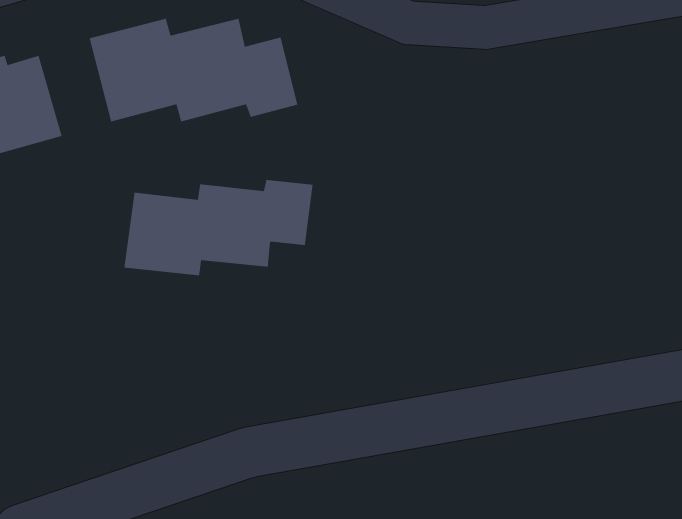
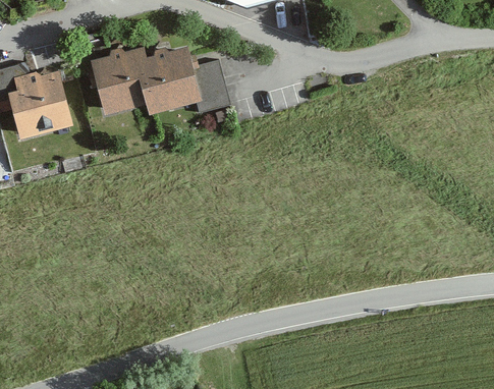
building: [124,179,313,276] -> none

